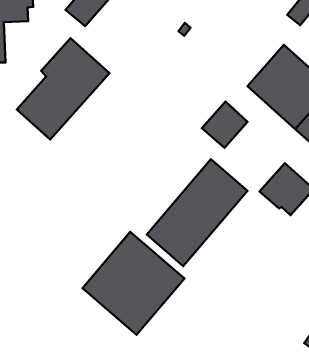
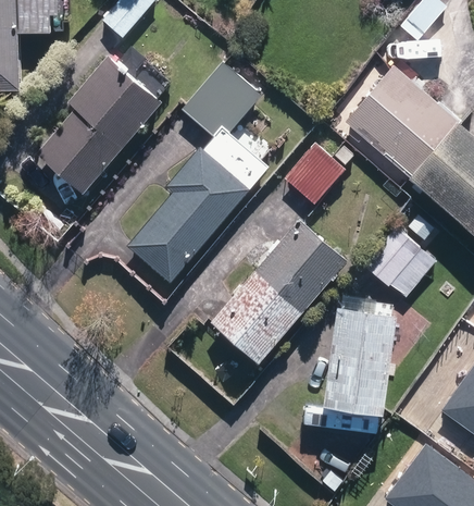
building: none -> [127,61,270,283]
building: none -> [324,299,399,416]
building: [82,232,184,335] -> none

